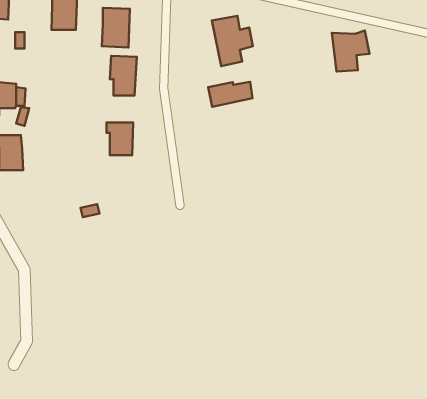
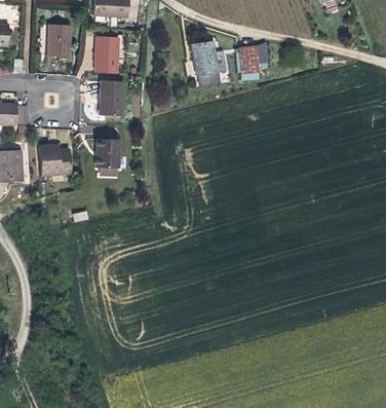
building: [332,30,369,71] -> [239,41,272,77]
building: [208,82,252,107] -> none
building: none -> [41,145,74,175]

